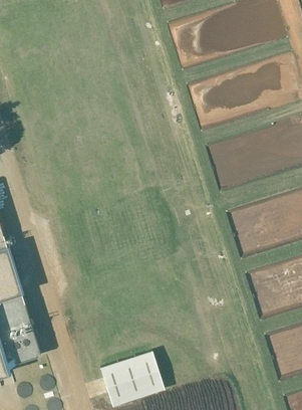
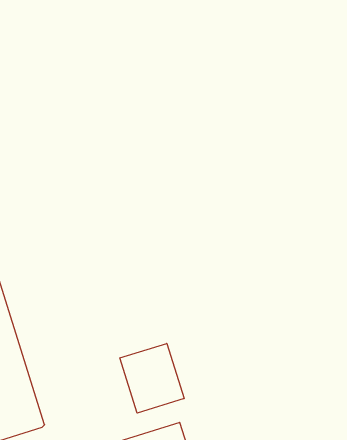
building: none -> [120,343,184,413]

